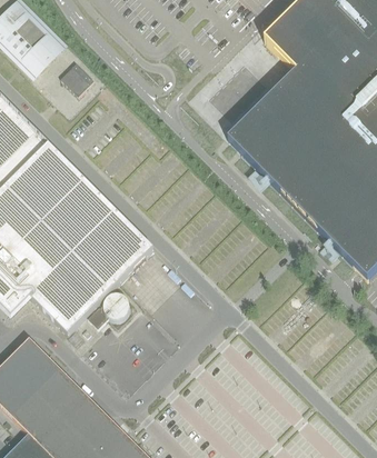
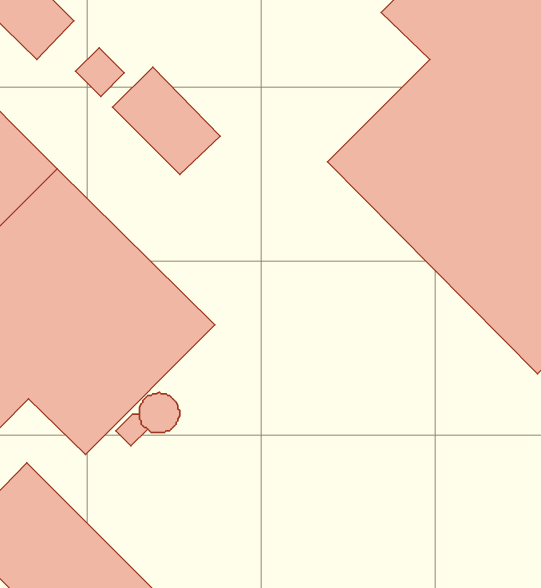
building: none -> [113,67,220,174]

